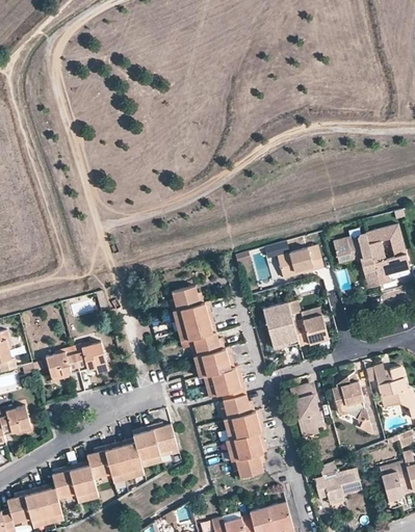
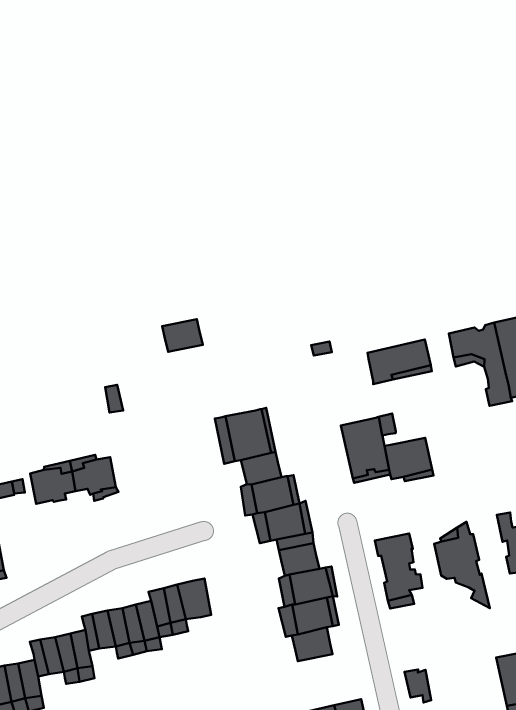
building: [172,286,201,310] -> [162,319,203,352]
building: [330,468,363,499] -> none

